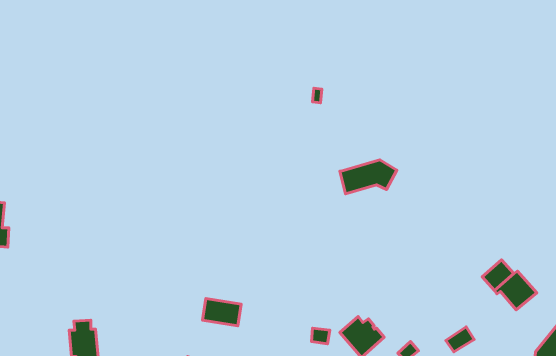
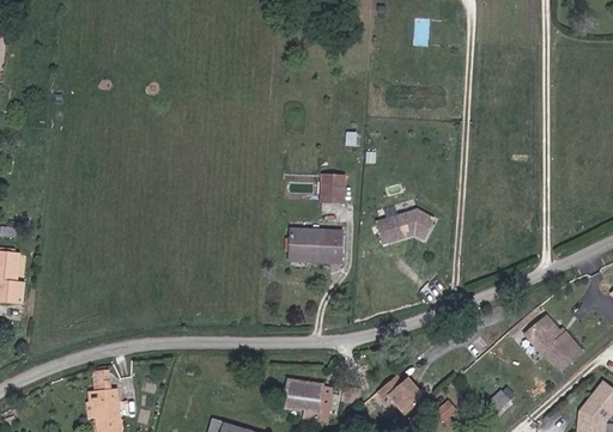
building: none -> [322,174,344,202]
building: none -> [285,227,341,260]
building: [203,299,241,326] -> [281,379,322,408]

